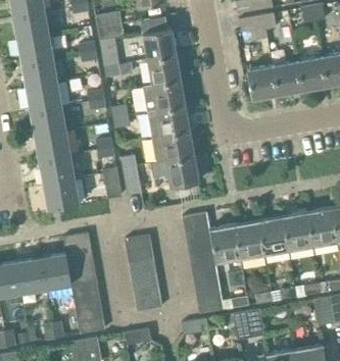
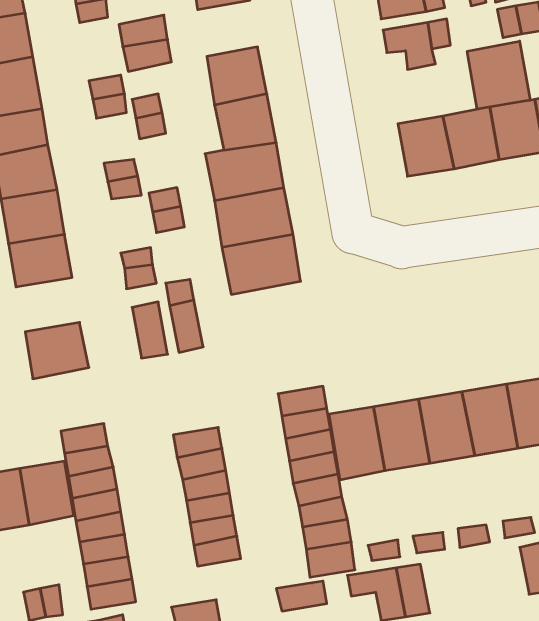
building: none -> [467,41,530,109]
building: [39,154,74,184] -> none
building: [150,156,199,187] -> none

